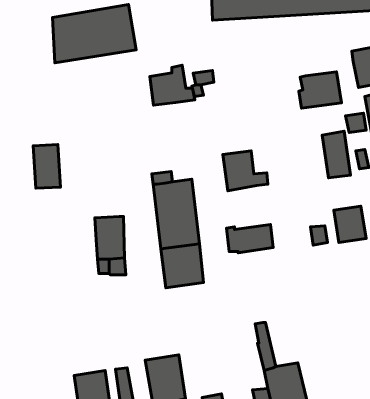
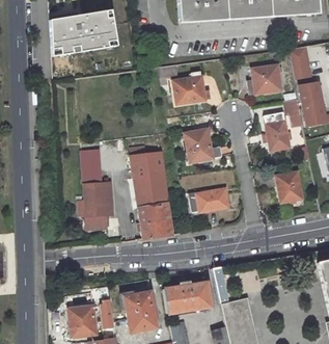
building: [150,65,195,105] -> [175,70,212,102]
building: [33,144,60,188] -> [82,147,104,182]
building: none -> [164,281,212,314]

